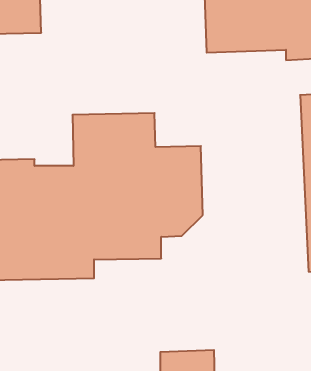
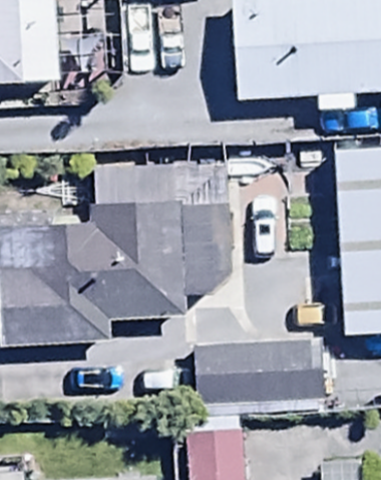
building: none -> [196,342,324,415]

